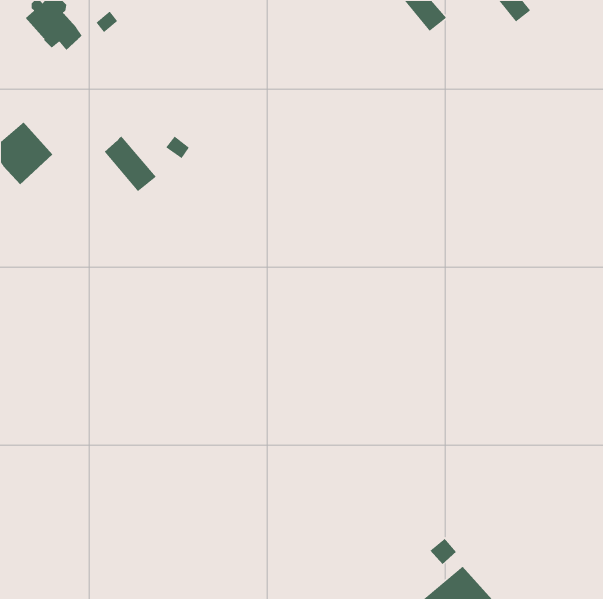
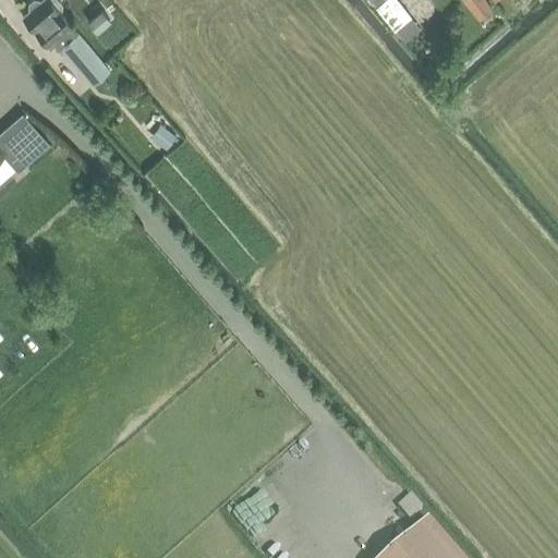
building: [104,135,157,192] -> [61,35,110,87]

